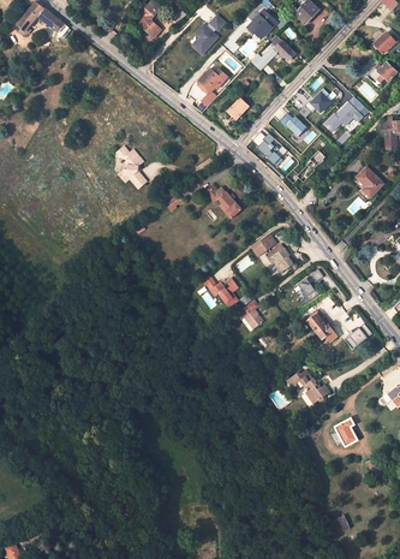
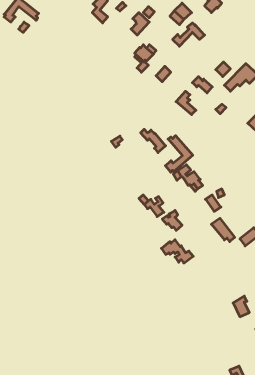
building: [118,145,148,189] -> none
building: none -> [165,136,193,172]
building: [286,368,330,400] -> [161,240,193,263]

